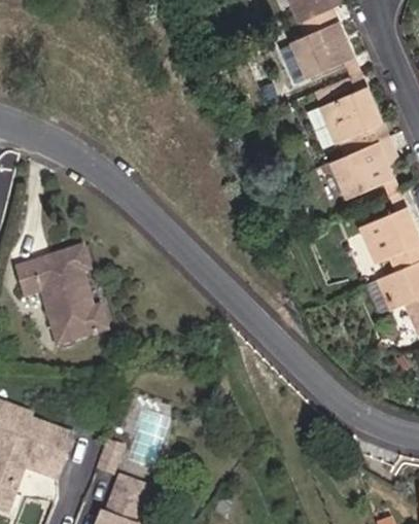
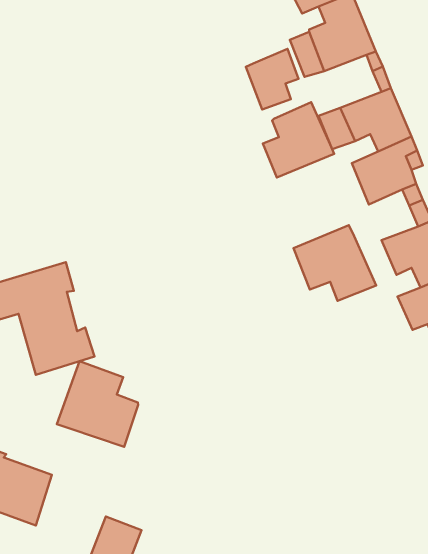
building: none -> [246,49,298,110]
building: none -> [263,102,334,177]
building: none -> [293,225,376,301]
building: none -> [57,361,138,447]

